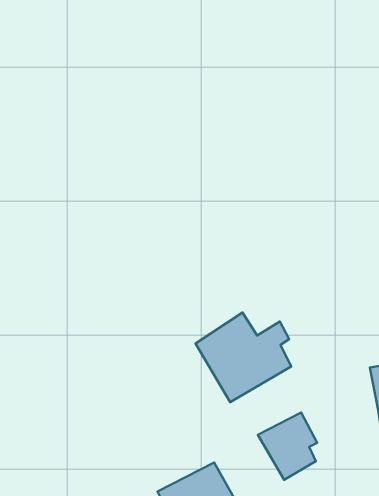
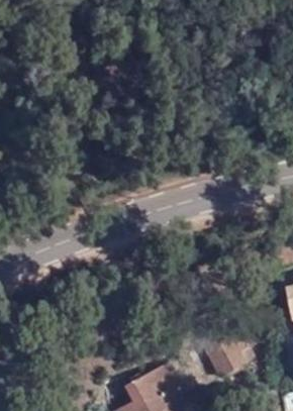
building: [196,312,291,402] -> none

